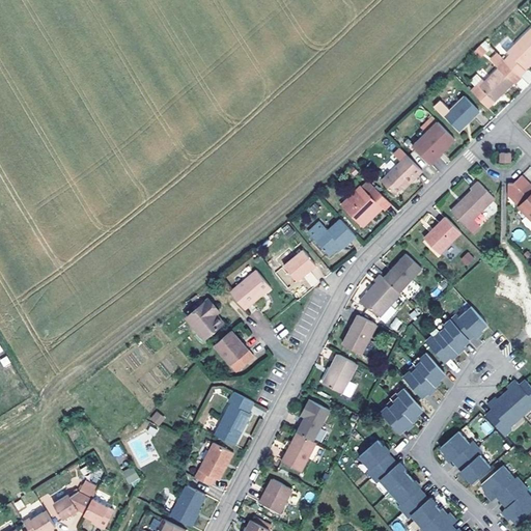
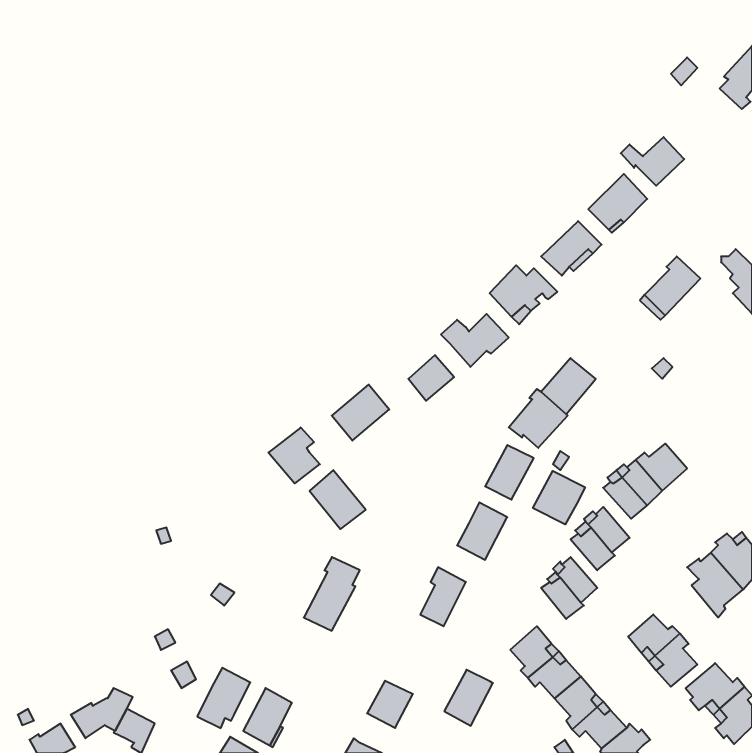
building: [472,55,523,110] -> none
building: [422,216,459,253] -> none
building: none -> [533,471,585,524]
building: [280,432,314,472] -> [444,670,493,726]
building: [194,443,231,485] -> [197,668,250,728]

